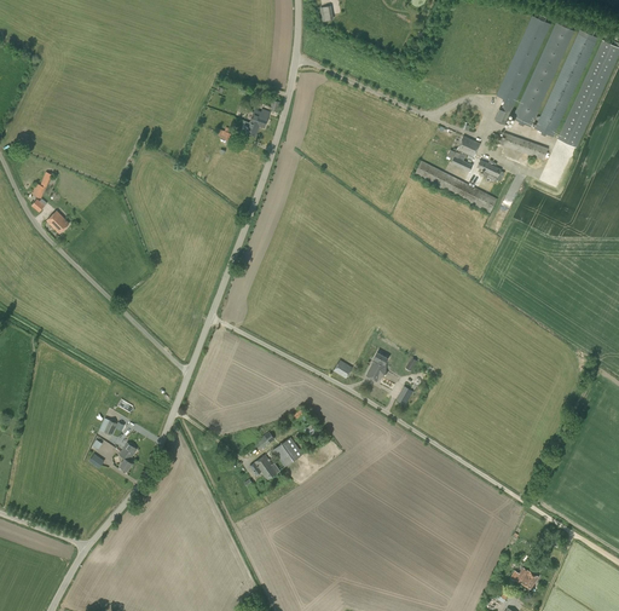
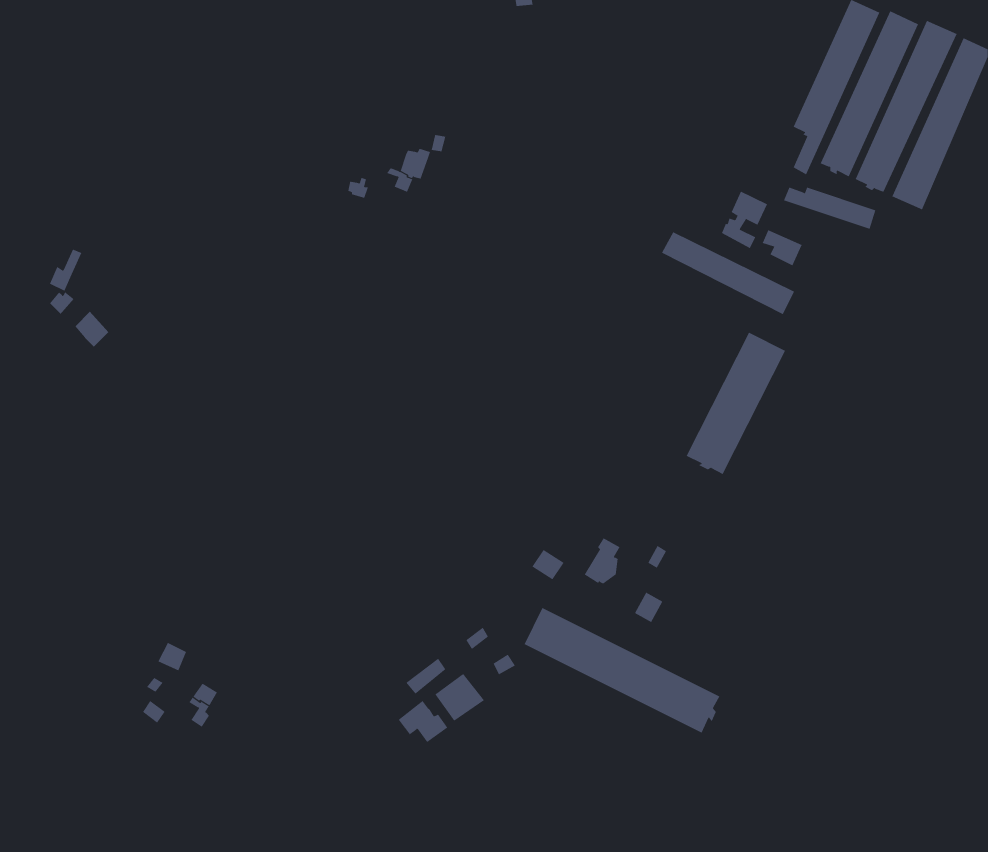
building: none -> [686,332,786,475]
building: none -> [524,607,720,734]

